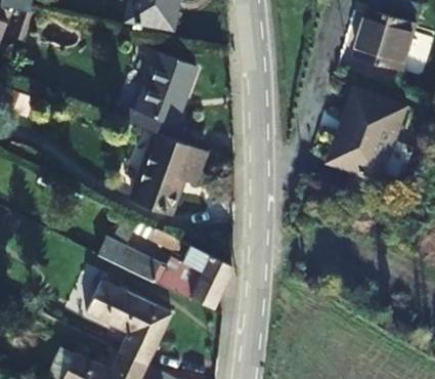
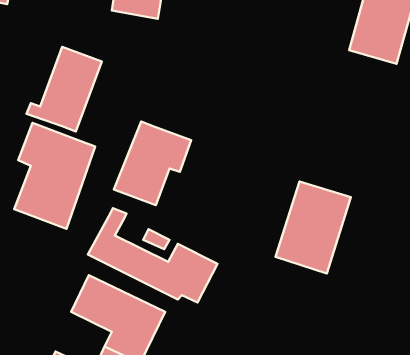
building: [119,51,192,134] -> [27,47,102,131]
building: [334,89,407,179] -> [276,182,351,274]
building: none -> [14,123,95,229]

